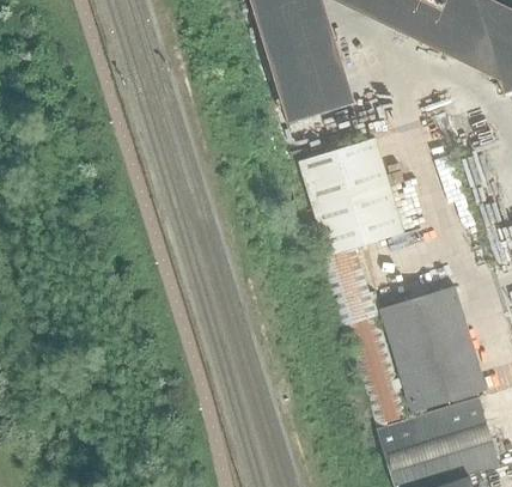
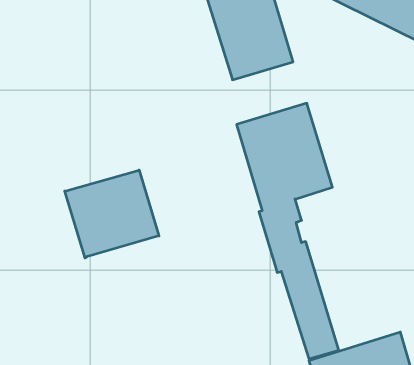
building: none -> [65,170,159,258]
building: [378,294,483,422] -> none

